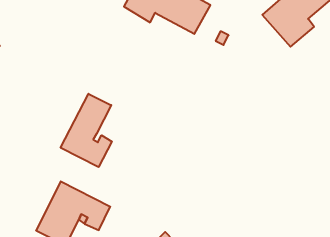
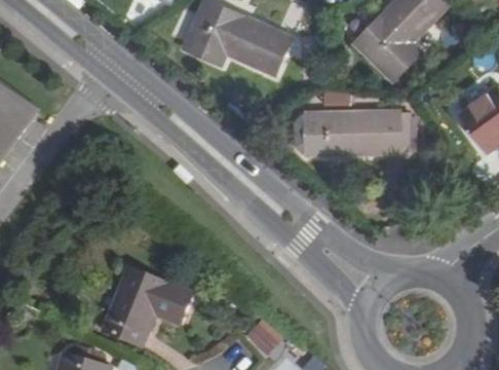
building: none -> [308,113,416,153]
building: [61,94,112,167] -> none

